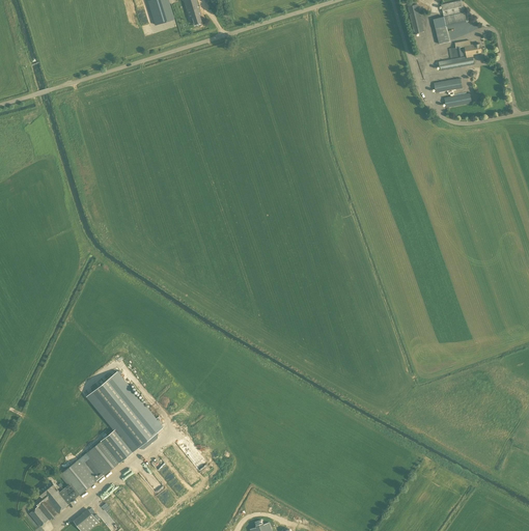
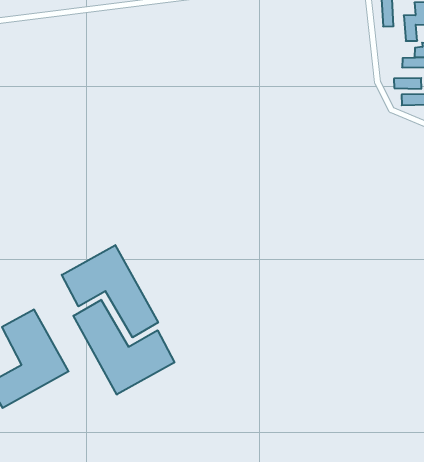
building: none -> [62,245,158,337]
building: none -> [73,300,174,395]

